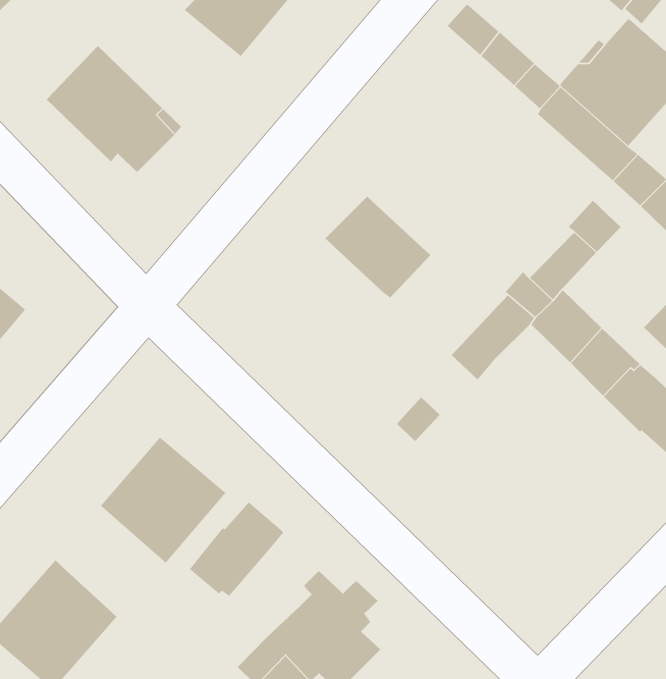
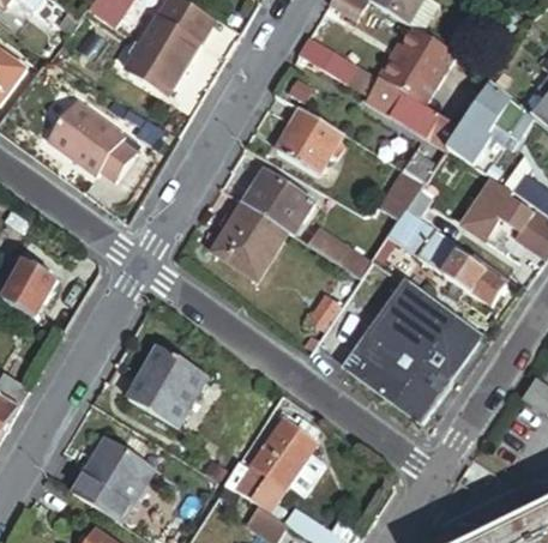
building: none -> [276,107,341,171]
building: none -> [216,201,287,273]
building: none -> [343,284,476,418]
building: [189,501,284,597] -> none

